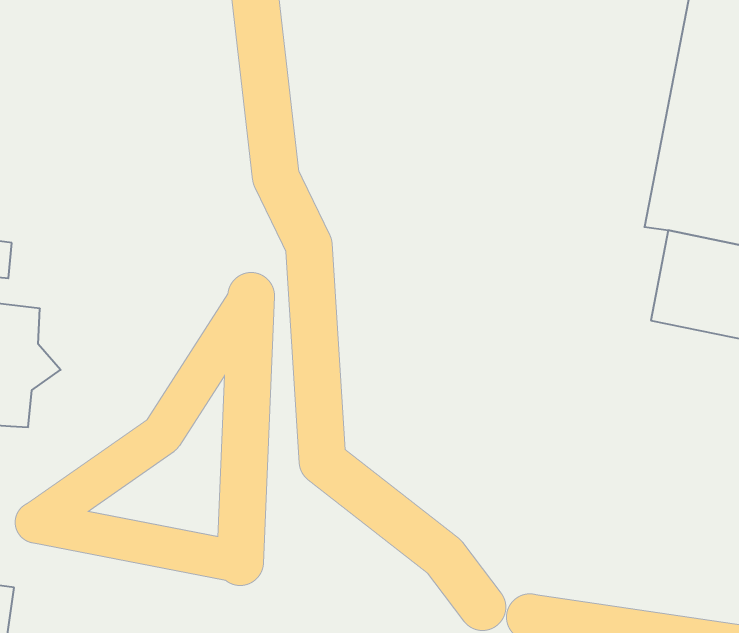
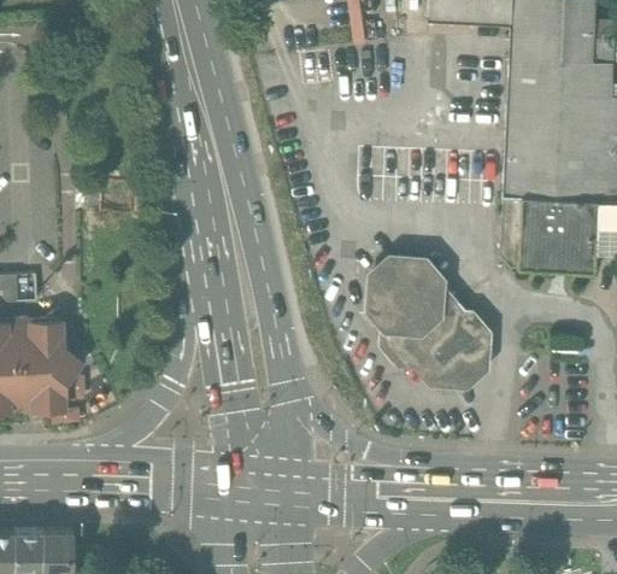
building: none -> [369,258,487,383]

